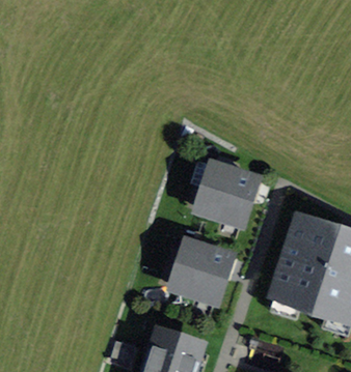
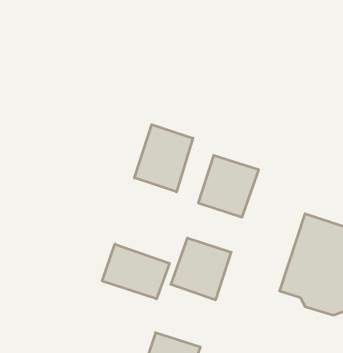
building: none -> [134,125,193,192]
building: none -> [102,244,169,299]

